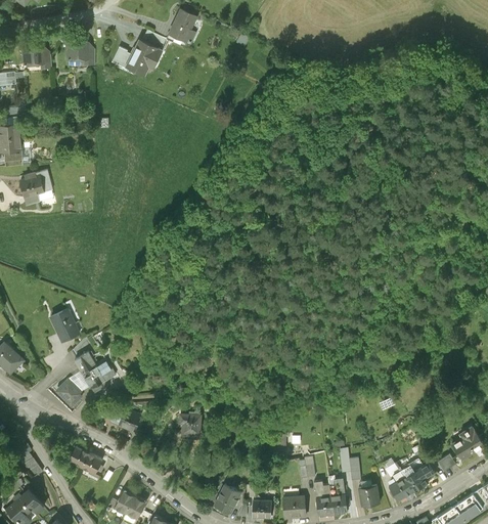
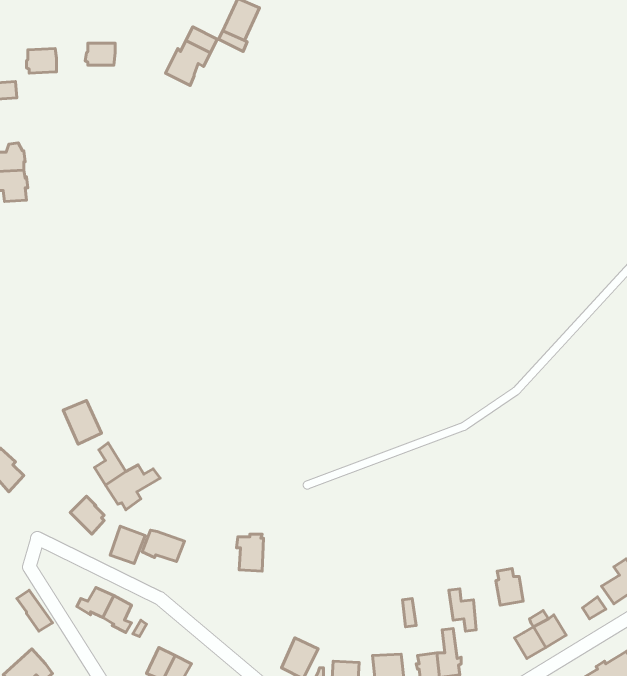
building: [20,168,53,202] -> none
building: none -> [110,526,145,564]
building: [360,481,381,509] -> [496,568,523,605]

